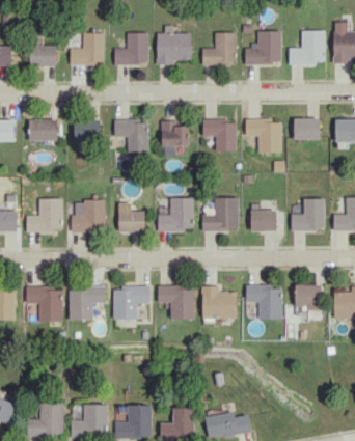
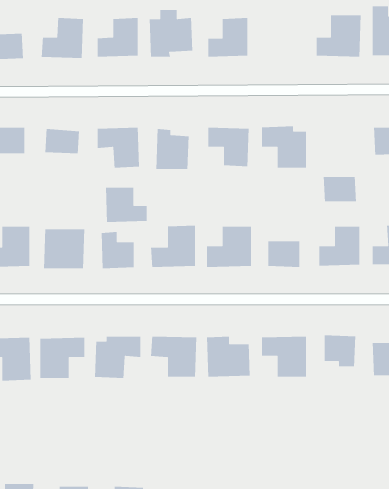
building: [244,30,280,64] -> none
building: [293,118,320,139] -> [323,176,357,202]
building: none -> [105,187,148,223]

